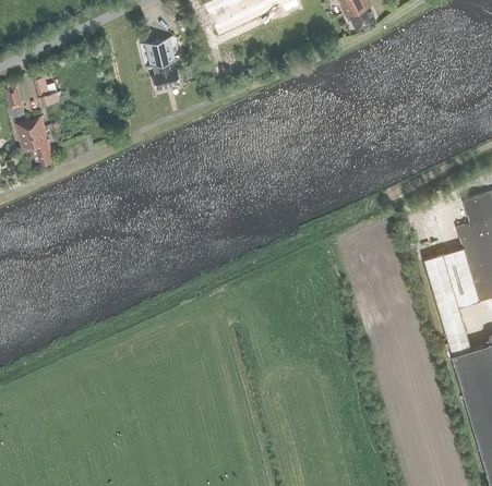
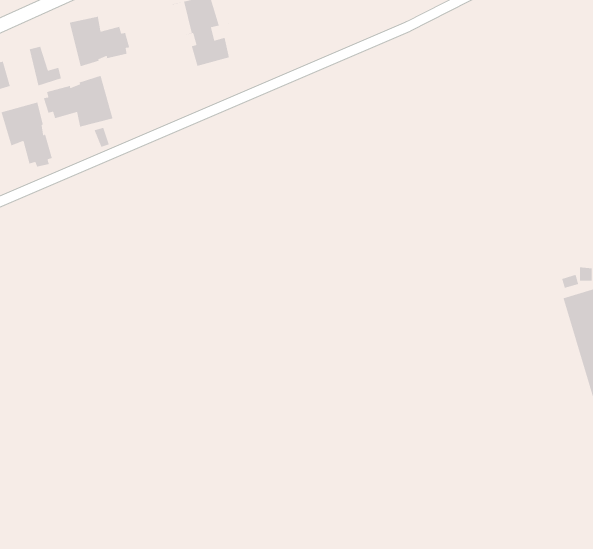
building: none -> [69,16,130,67]
building: none -> [43,75,114,128]

